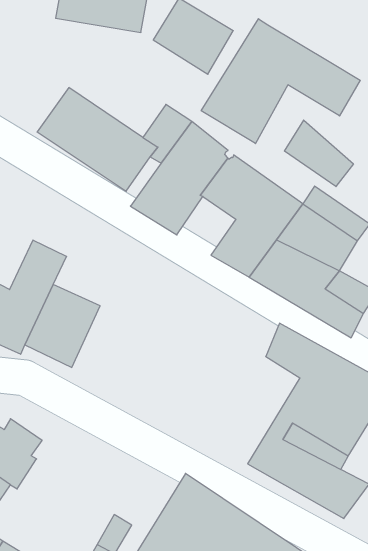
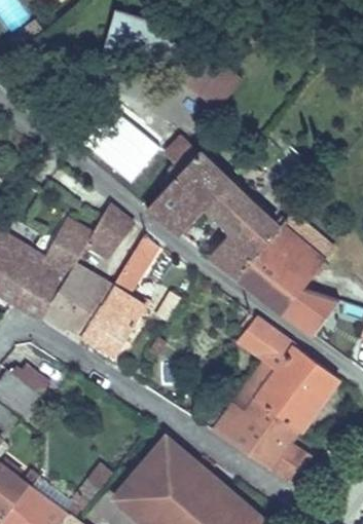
building: [201,19,360,144] -> none
building: [284,120,353,187] -> none
building: none -> [87,207,134,259]
building: none -> [81,232,159,357]

